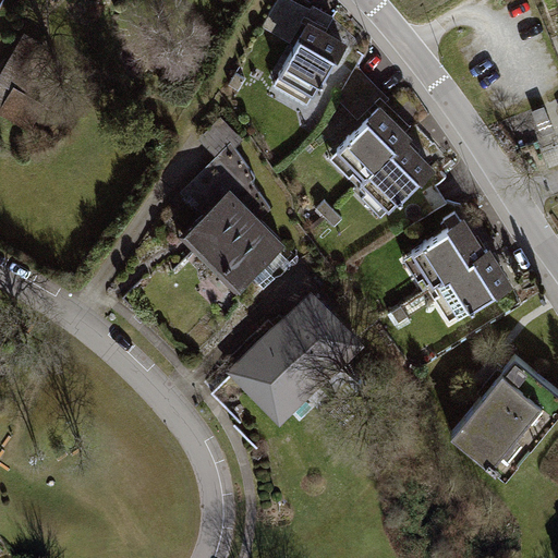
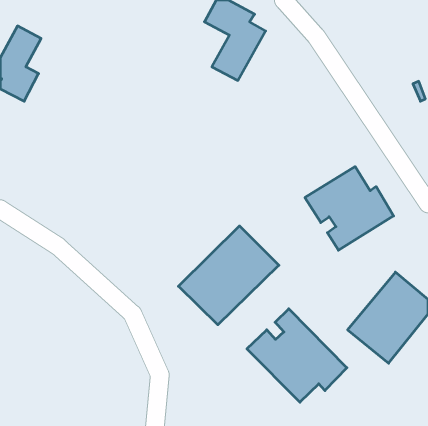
building: [320,104,436,230] -> none
building: [183,146,282,293] -> none
building: none -> [247,309,347,402]

